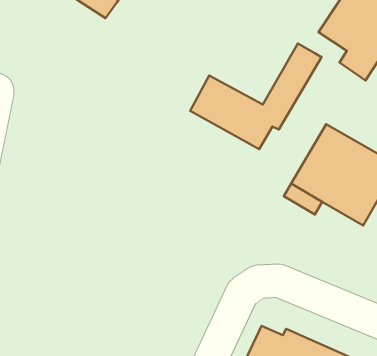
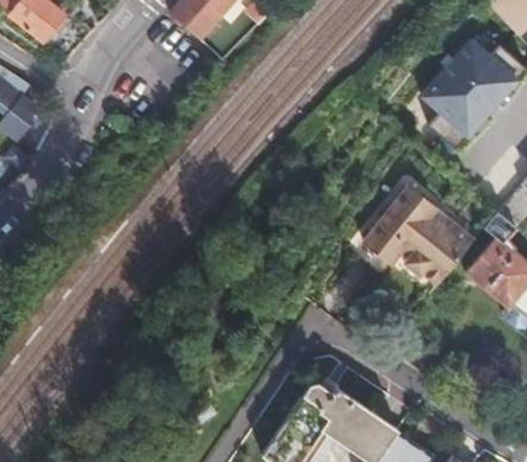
building: [190,44,322,149] -> none

